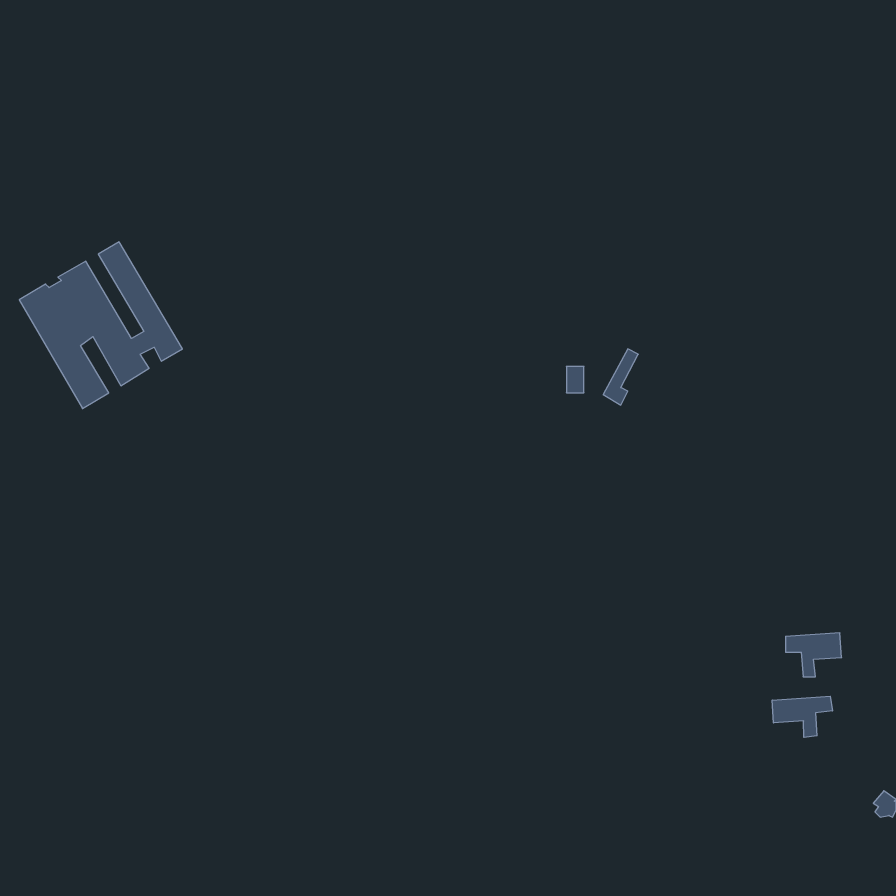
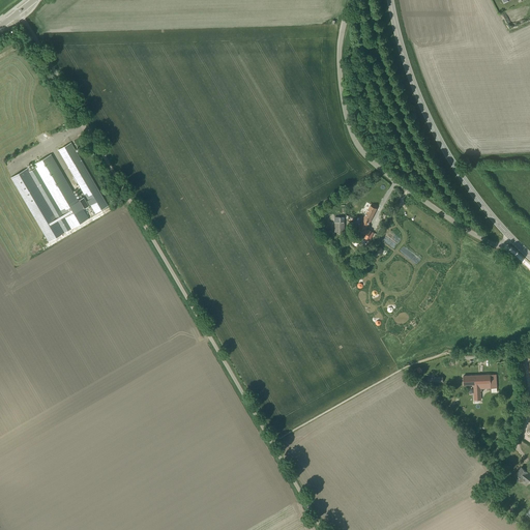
building: [772,696,832,737] -> none

